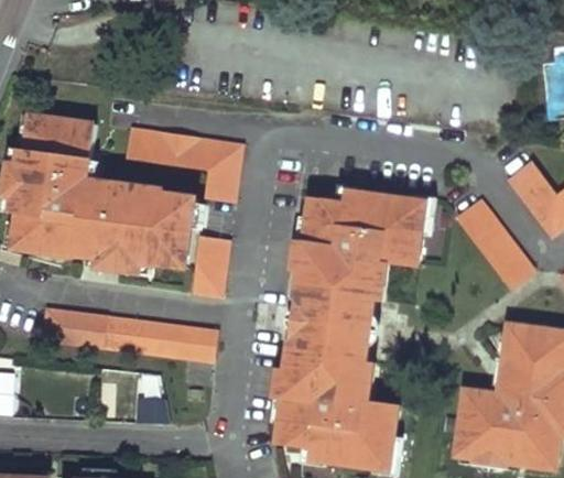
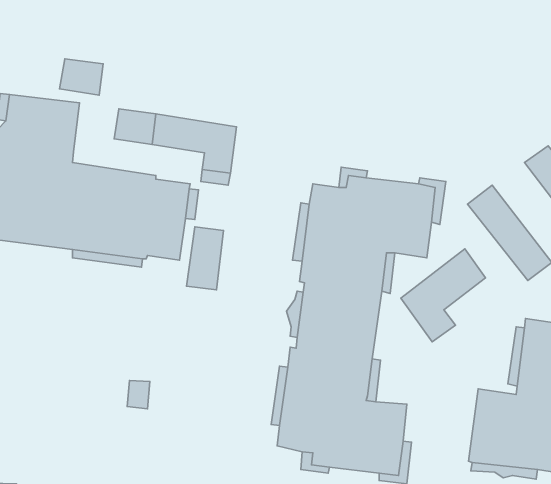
building: none -> [59,59,103,95]
building: none -> [401,249,486,342]
building: [43,308,218,361] -> none

